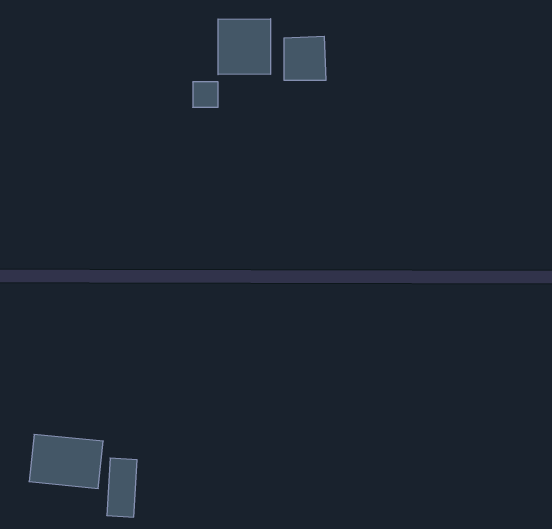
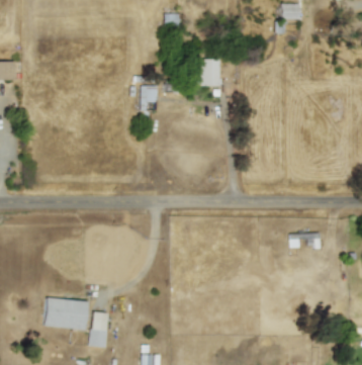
building: [218,19,271,75] -> none

